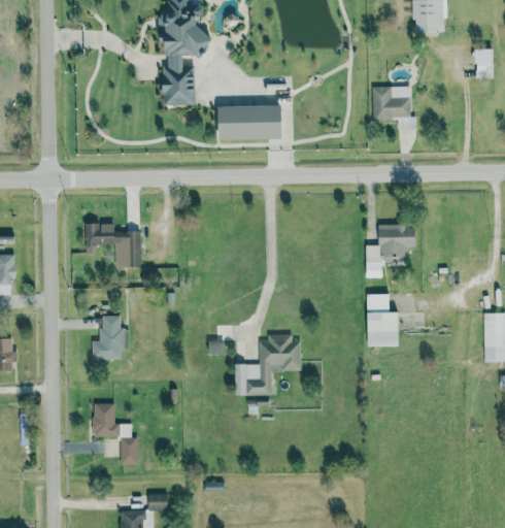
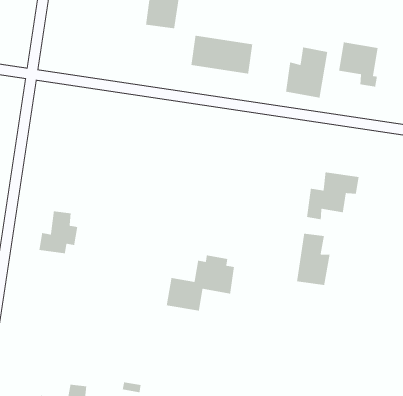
building: none -> [285,47,328,98]
building: [85,223,141,267] -> none
building: [93,403,138,464] -> none

